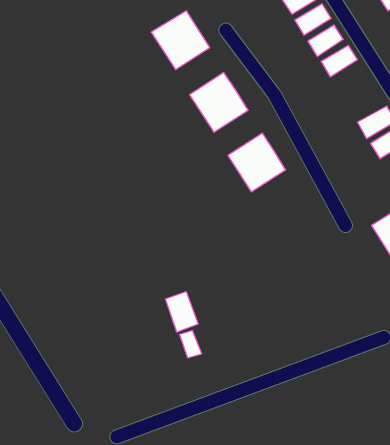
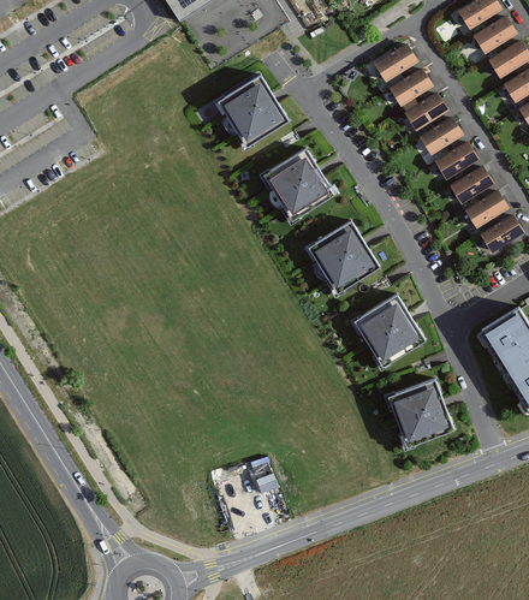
building: none -> [434,141,477,178]
building: none -> [448,165,493,203]
building: none -> [355,295,423,364]
building: none -> [388,379,452,445]
building: [166,292,198,332] -> none

